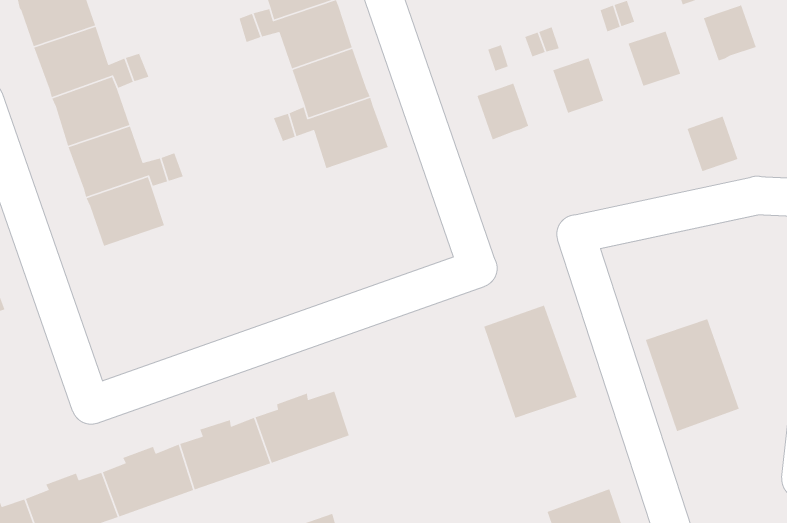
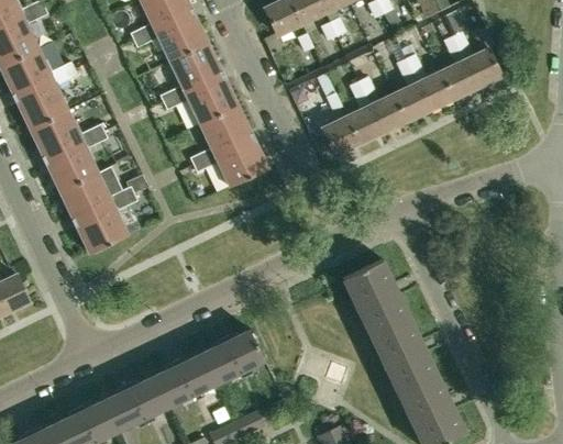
building: none -> [393,82,430,122]
building: none -> [345,106,383,144]
building: [686,116,739,172] -> [441,60,477,99]
building: [645,318,740,432] -> [371,318,438,395]

